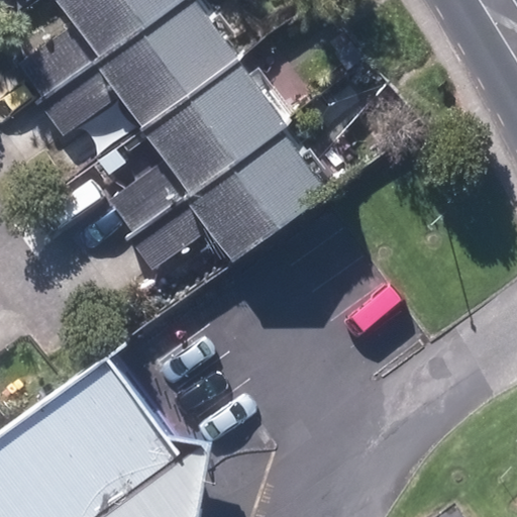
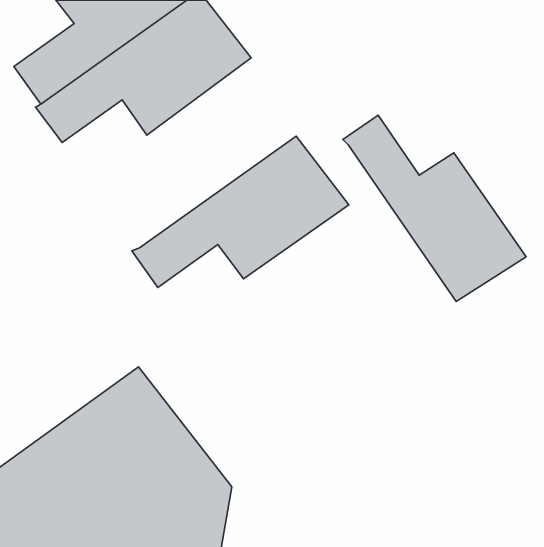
building: [106,56,287,234] -> none
building: none -> [343,115,526,302]

